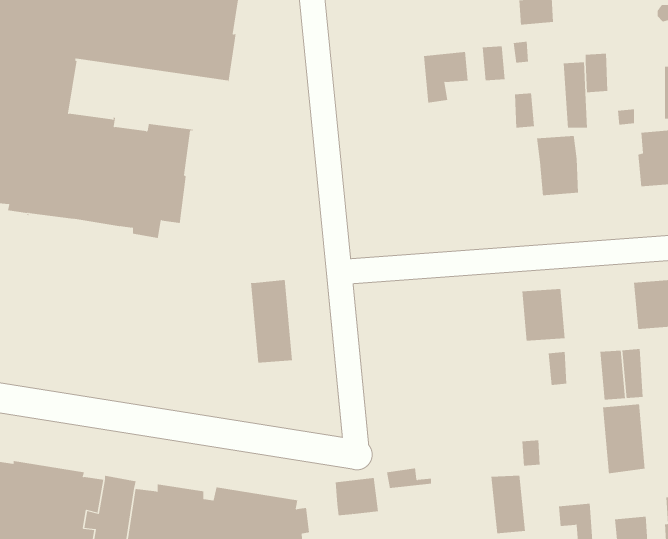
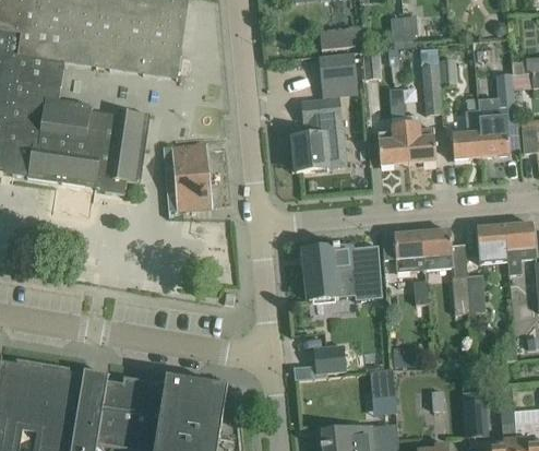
building: none -> [319,28,356,49]
building: none -> [289,100,344,171]
building: none -> [375,121,408,165]
building: none -> [451,132,481,158]
building: [250,279,293,363] -> [176,146,207,209]
building: none -> [422,229,453,269]
building: none -> [302,245,382,300]
building: [602,403,645,474] -> none
building: [335,478,379,516] -> [313,345,346,373]

